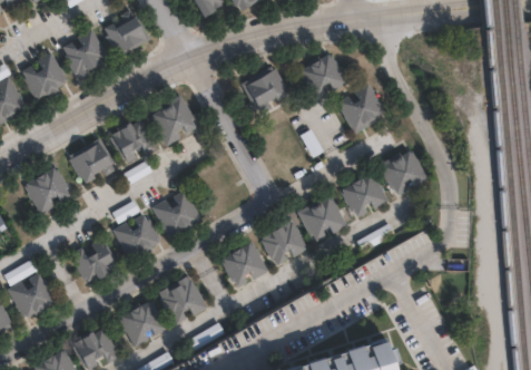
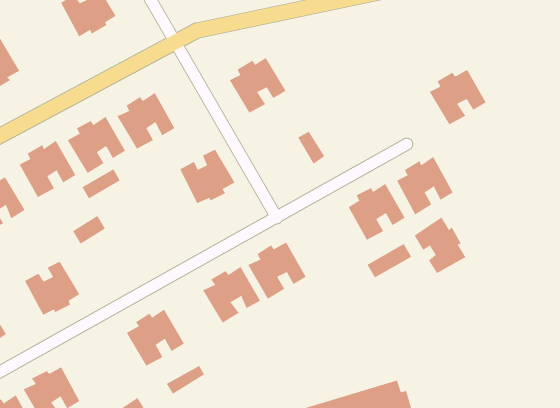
building: [60,30,107,76] -> none
building: [298,53,346,101] -> none
building: [340,85,387,132] -> [429,69,486,125]
building: [155,189,201,235] -> [179,149,236,204]
building: [298,196,347,244] -> none
building: none -> [414,216,466,274]
building: [116,212,163,257] -> none
building: [119,299,167,347] -> none

